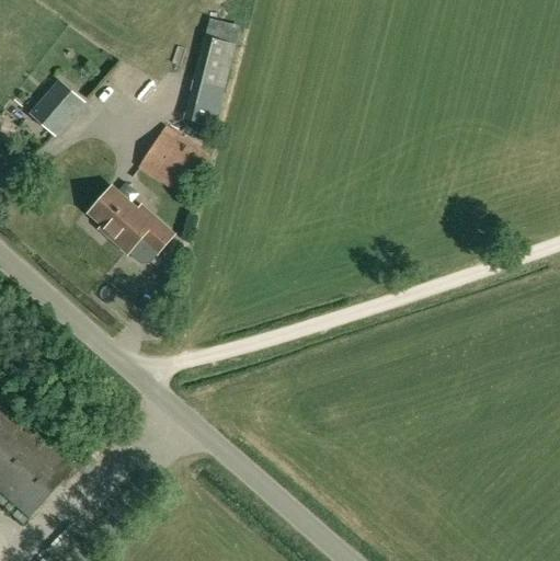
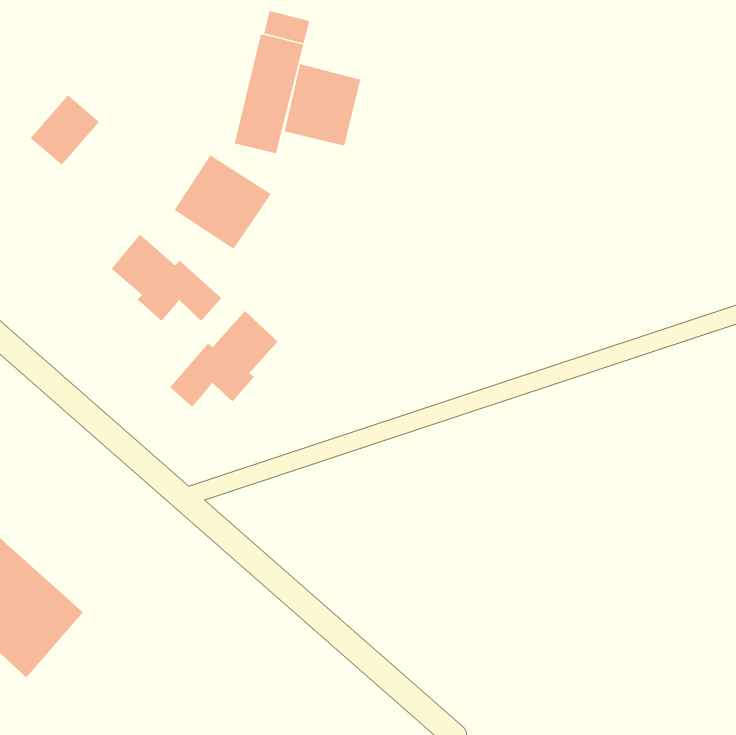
building: none -> [284,63,361,147]
building: none -> [169,310,278,408]

